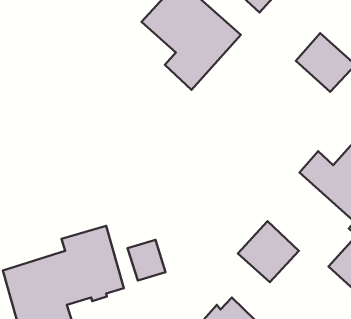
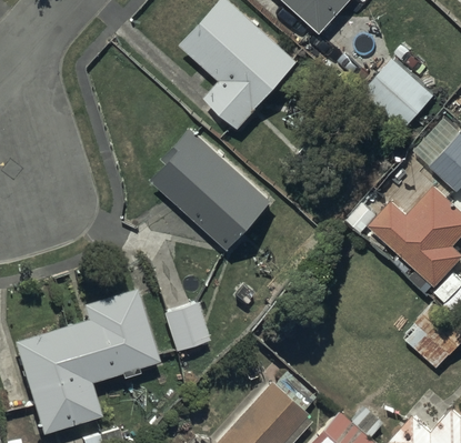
building: none -> [151,128,270,248]
building: [238,221,299,282] -> none

